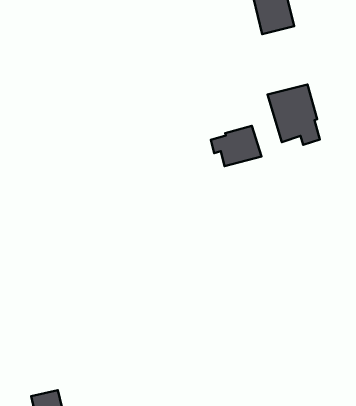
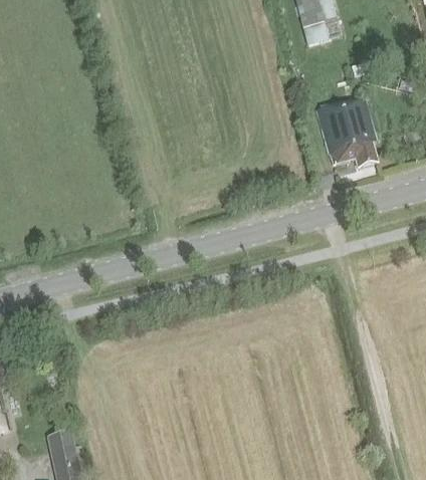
building: [211,126,262,166] -> none

